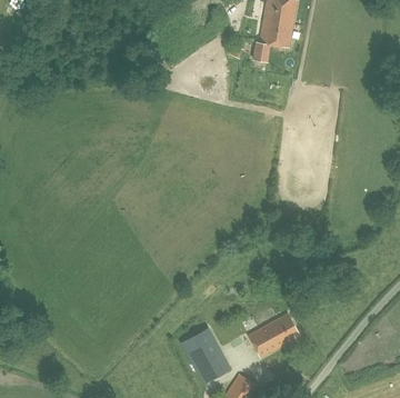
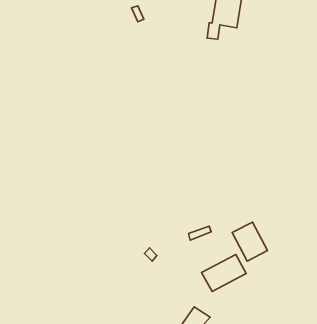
building: none -> [232,222,268,261]
building: [183,328,228,381] -> none

